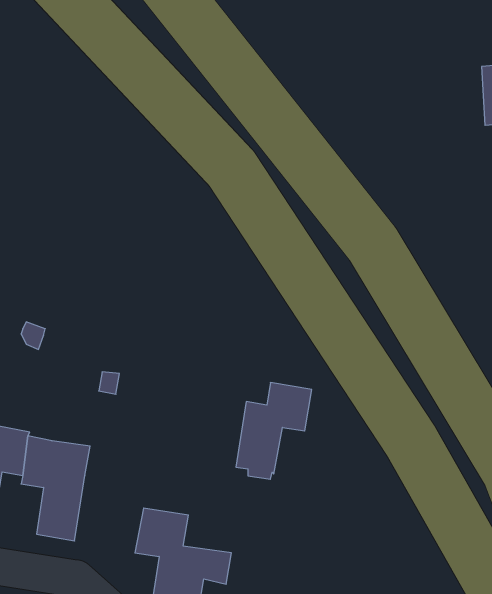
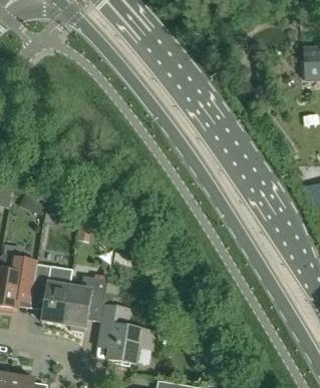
building: [236,383,312,479] -> [63,275,107,331]

